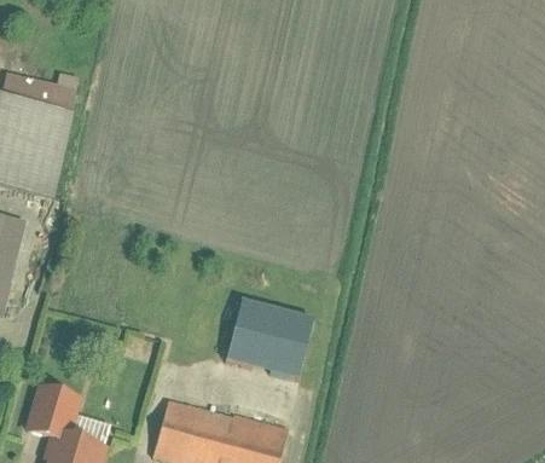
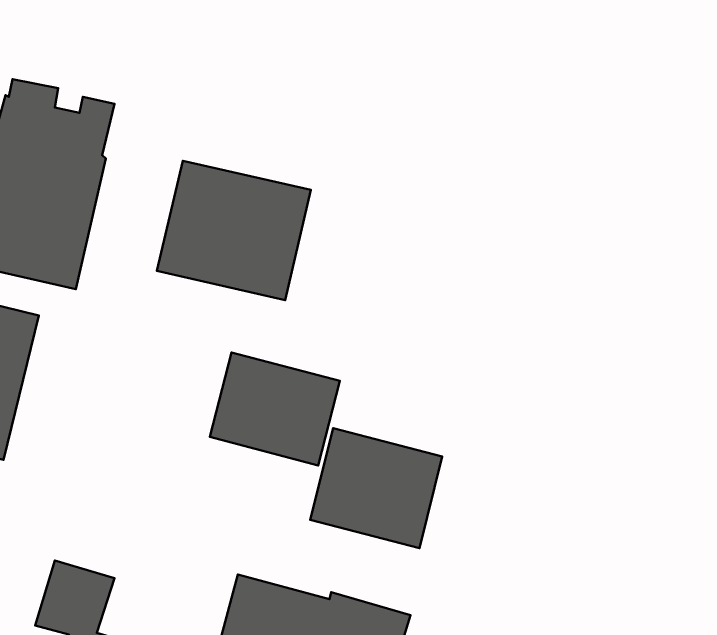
building: none -> [157,161,311,300]
building: none -> [210,352,340,466]

